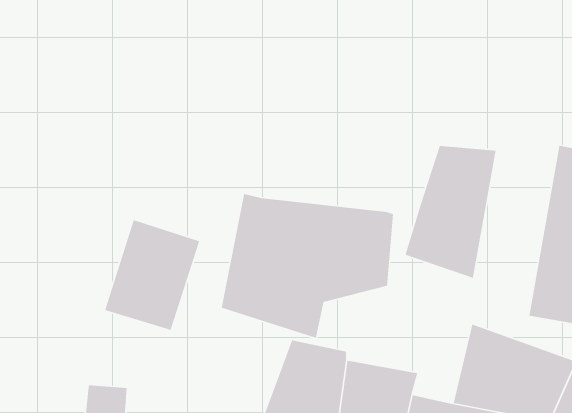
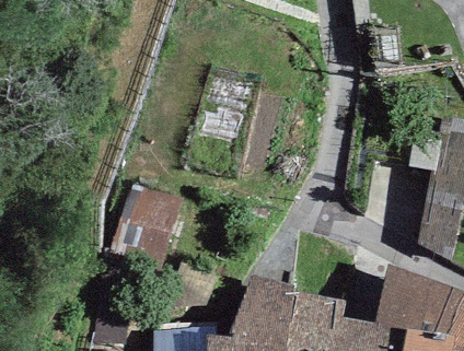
building: [404,145,496,279] -> none
building: [221,193,394,339] -> none

